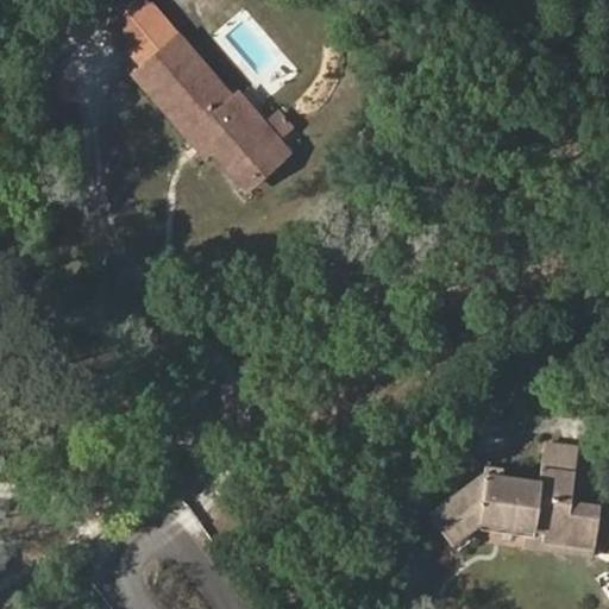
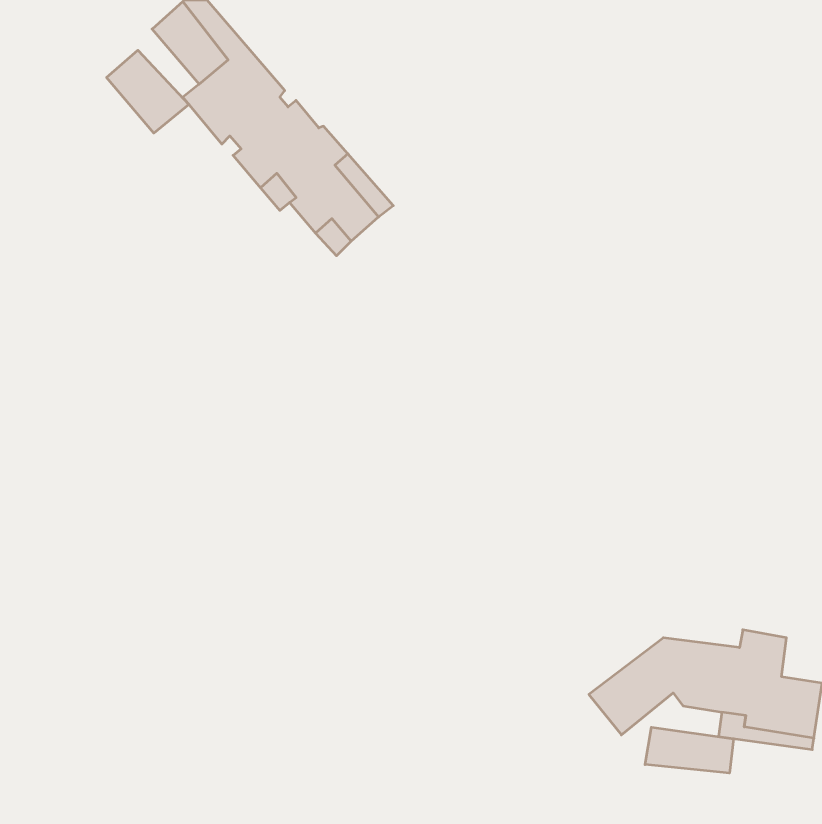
building: none -> [107,50,189,133]
building: none -> [645,727,734,773]

